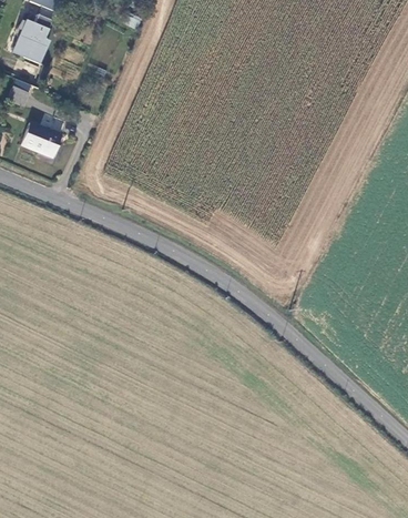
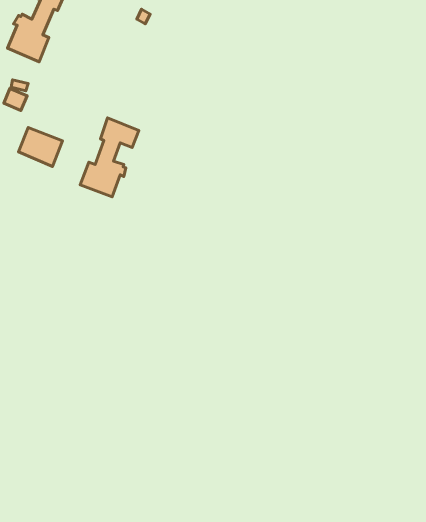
building: none -> [80,118,139,197]

